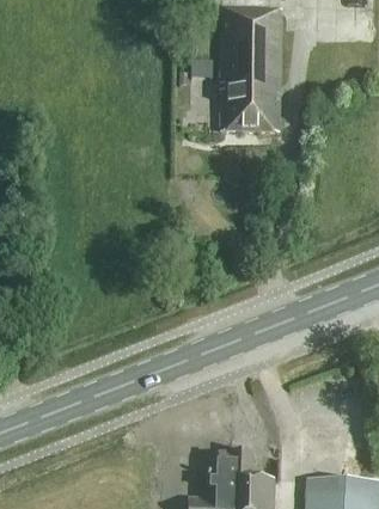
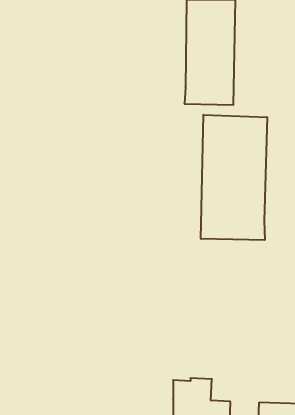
building: none -> [201,115,267,240]

